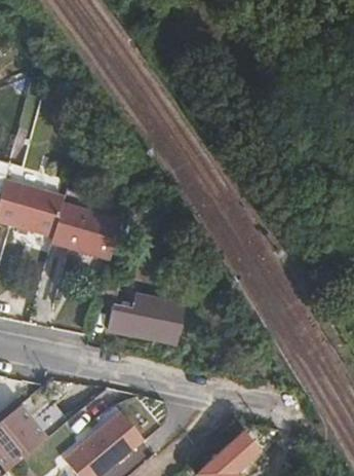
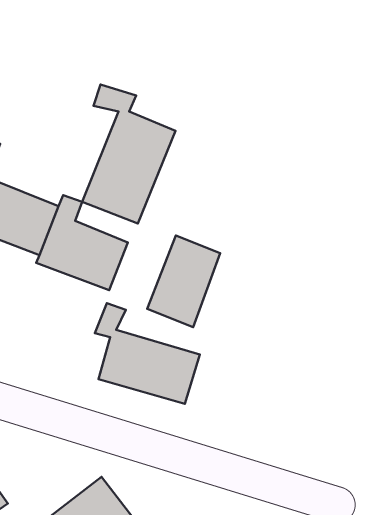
building: none -> [82,85,176,224]
building: none -> [147,236,220,327]

